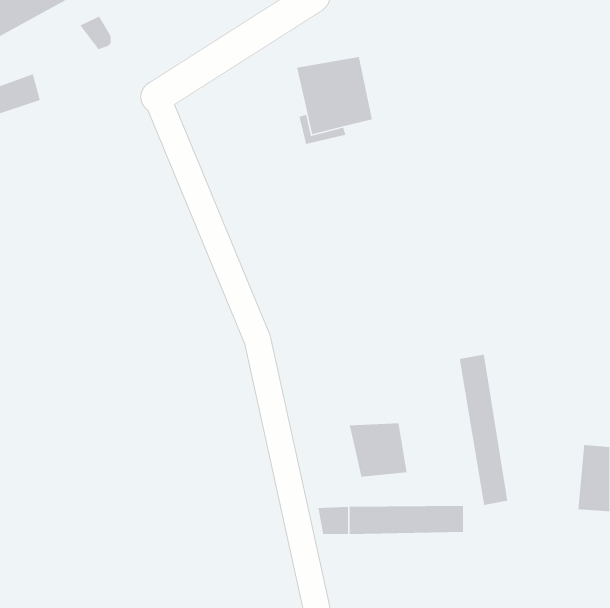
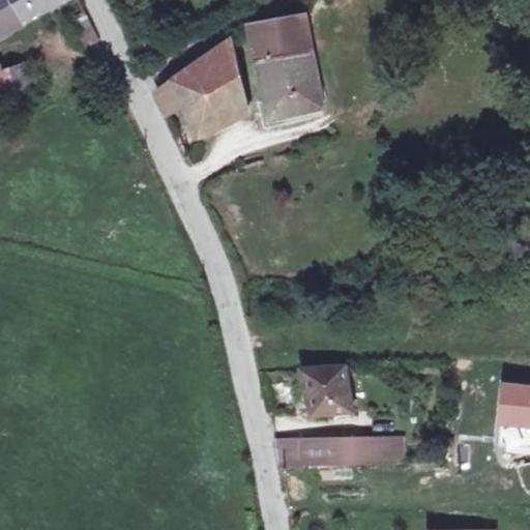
building: none -> [253,12,311,58]
building: none -> [155,39,245,125]
building: [459,354,508,506] -> none

